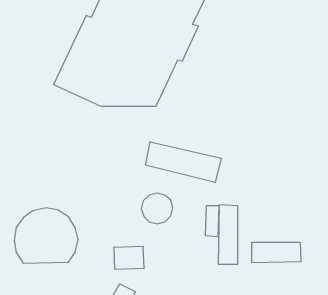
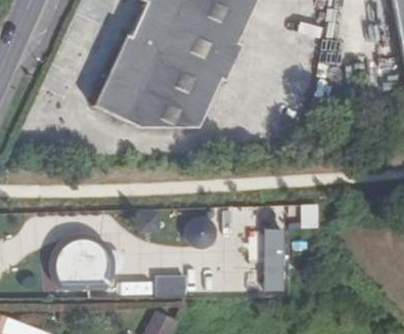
building: [145,142,221,183] -> none
building: [252,242,301,263] -> none

